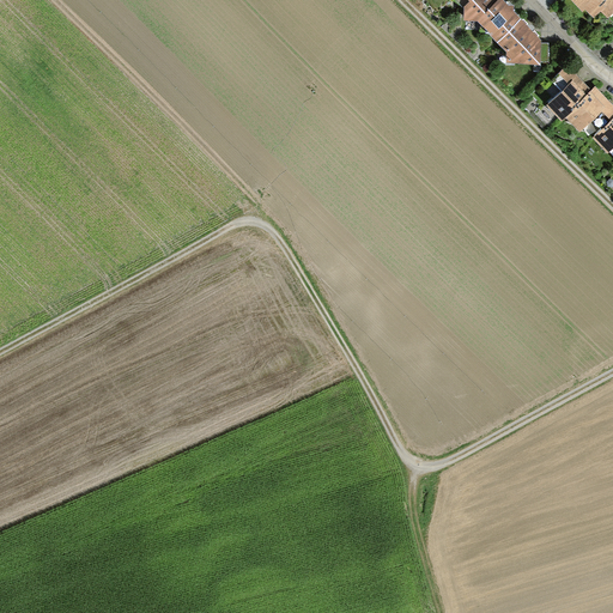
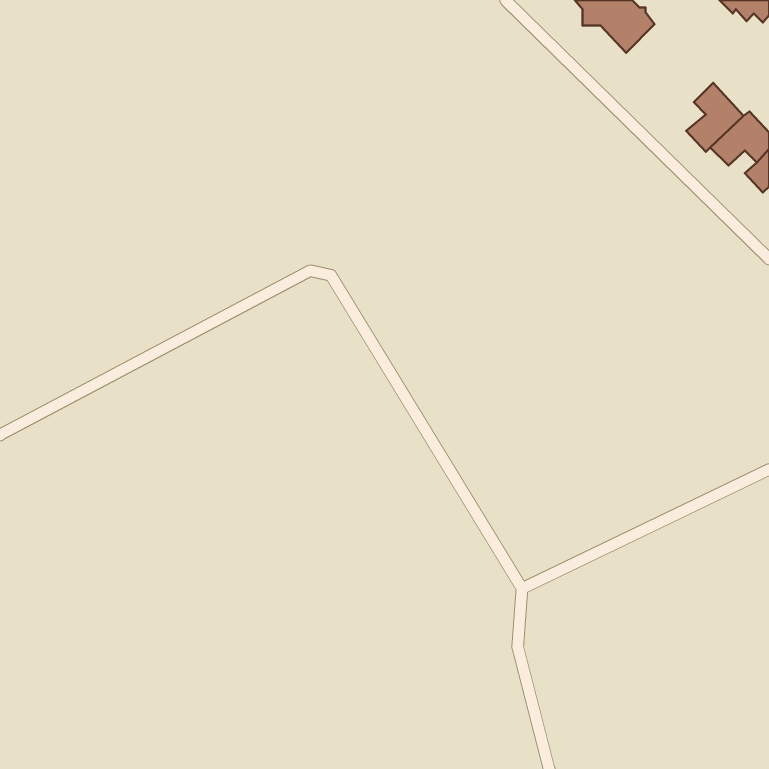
building: [498,19,548,65] -> none

